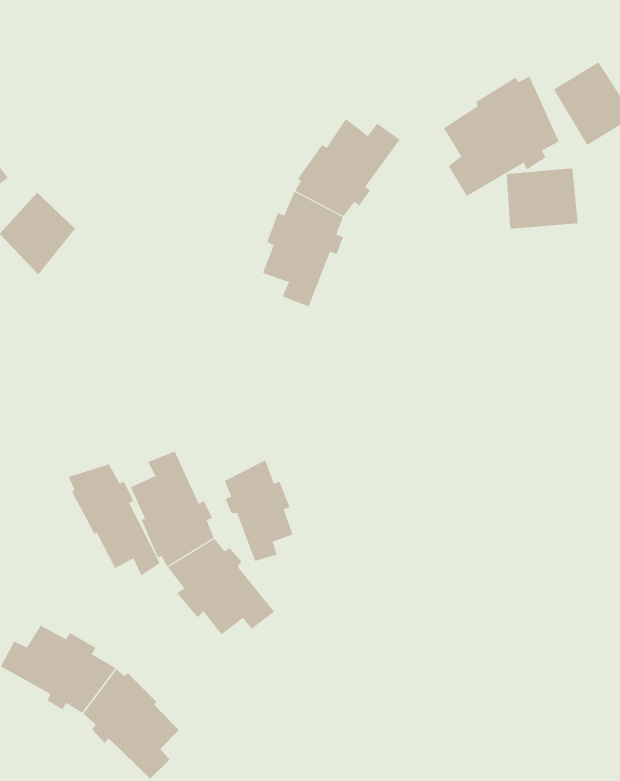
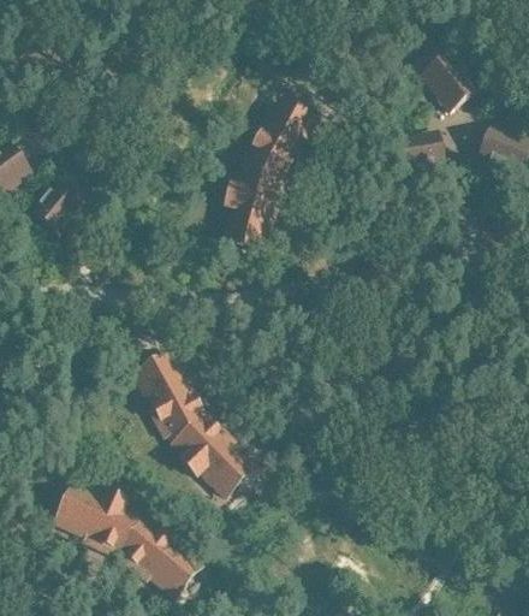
building: [443,76,559,197] -> none
building: [224,460,293,562] -> none
building: [68,464,160,576] -> none

